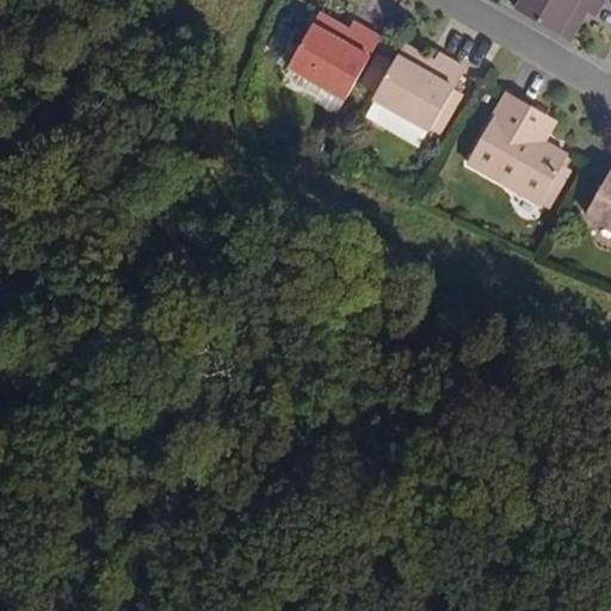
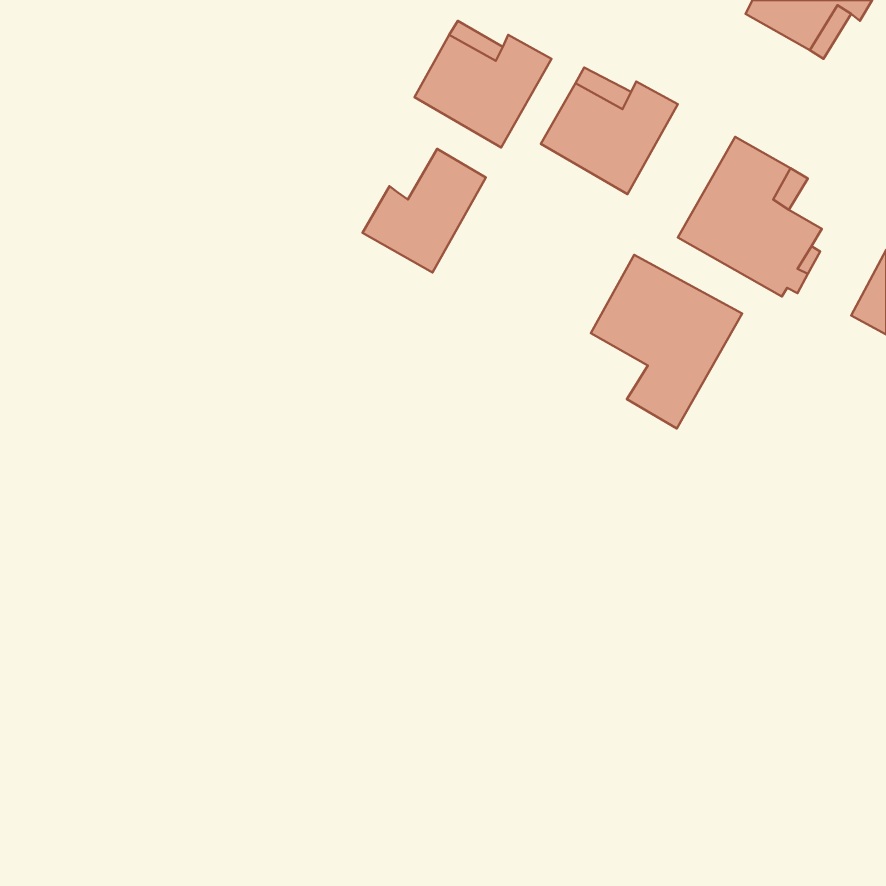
building: none -> [363,149,486,273]
building: none -> [591,255,742,429]

